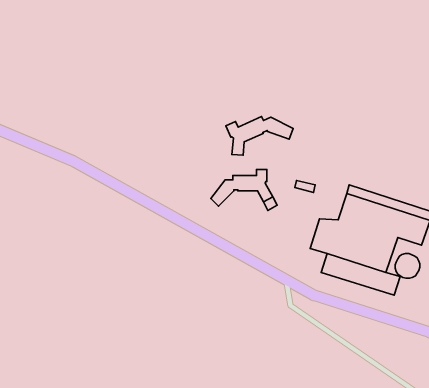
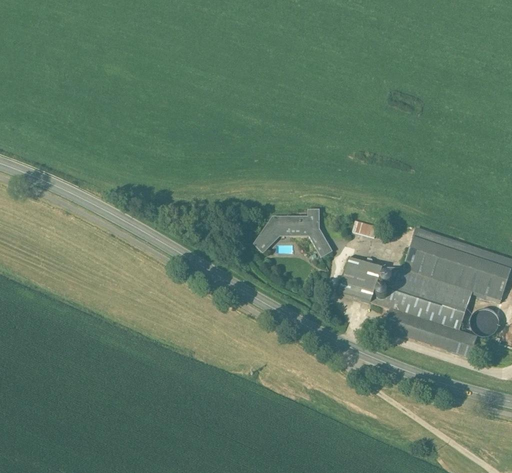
building: [226,117,293,155] -> none
building: none -> [339,257,381,302]

